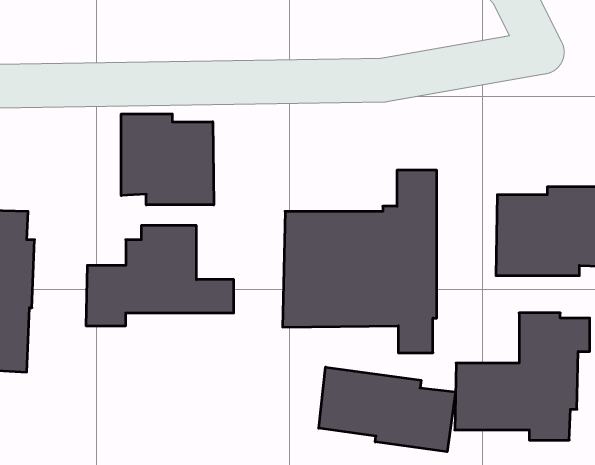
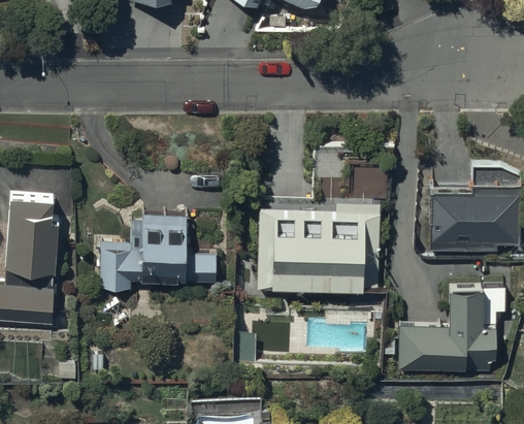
building: [121,114,214,205] -> none
building: [319,367,455,452] -> none

